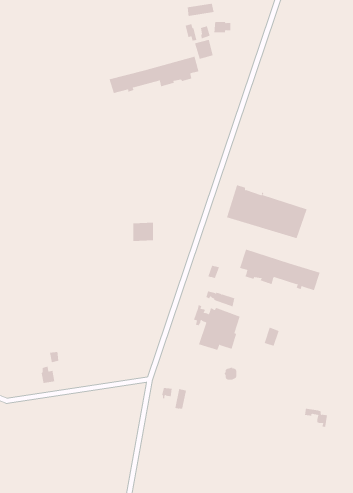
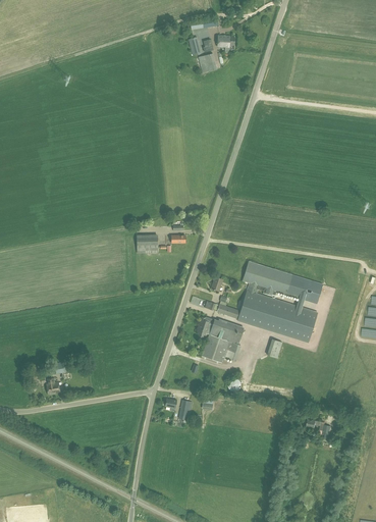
building: [109,56,199,94] -> none
building: [226,185,307,239] -> [237,288,318,342]

